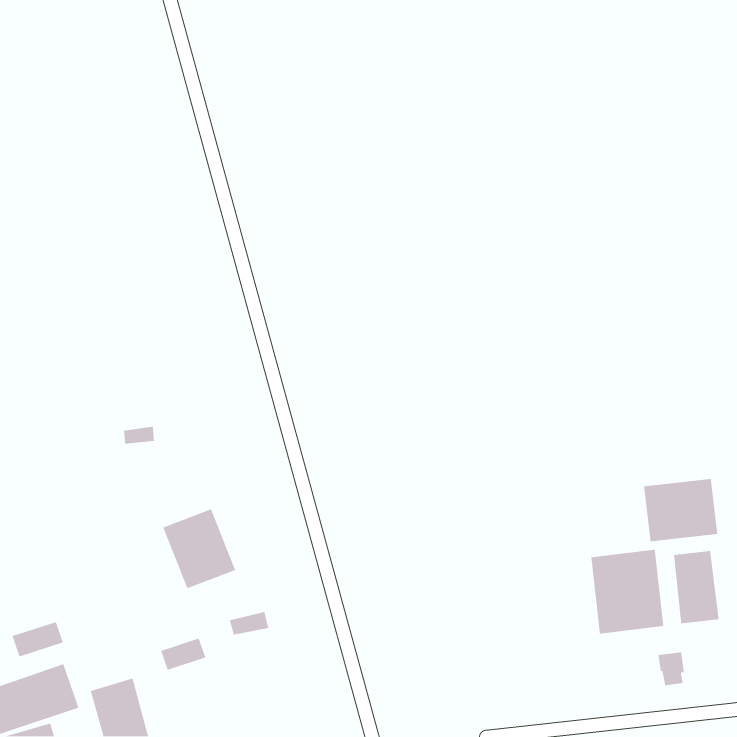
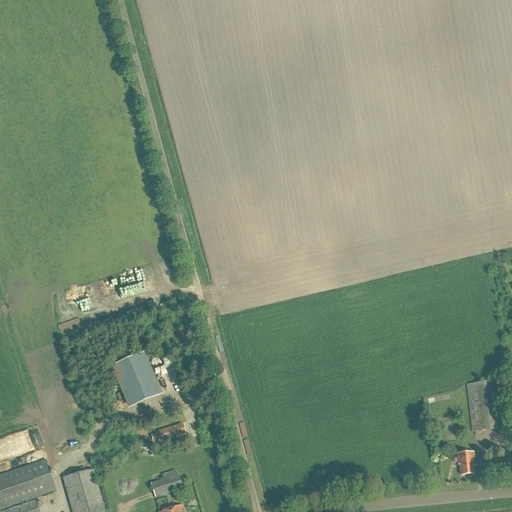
building: [643,478,718,542] -> none
building: [590,549,664,635] -> none
building: [160,637,206,671] -> [149,473,181,496]

